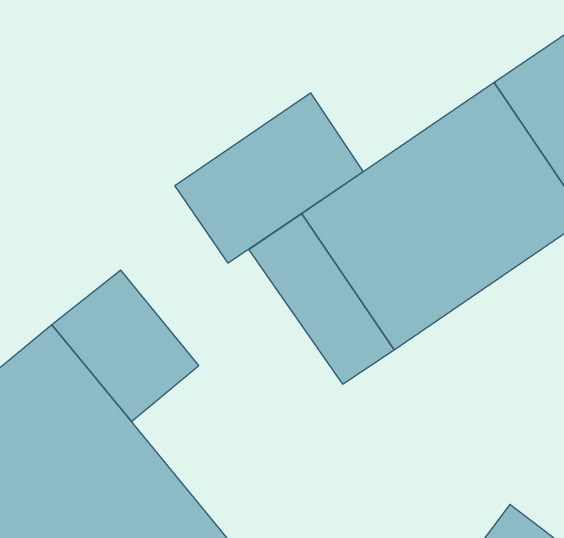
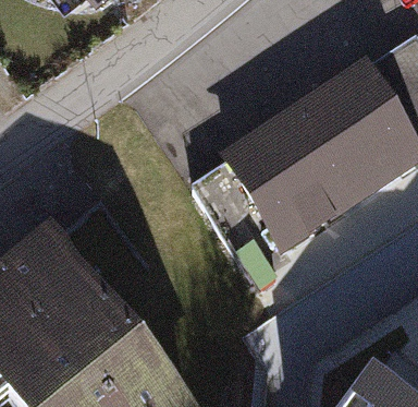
building: [175,93,363,263] -> none

